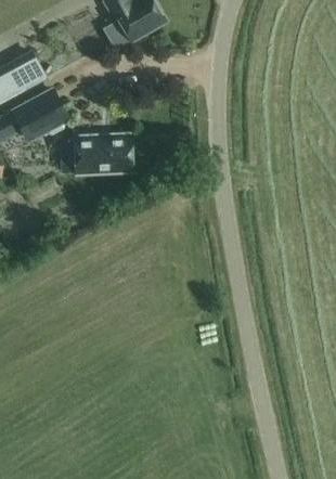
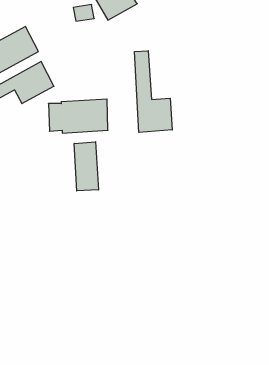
building: none -> [135,51,172,132]
building: none -> [74,142,98,191]

